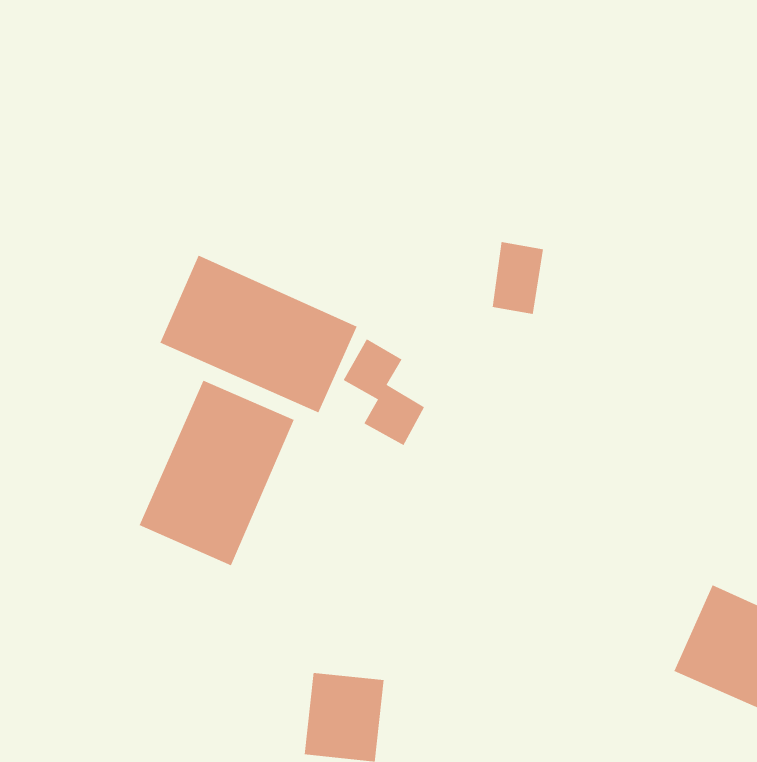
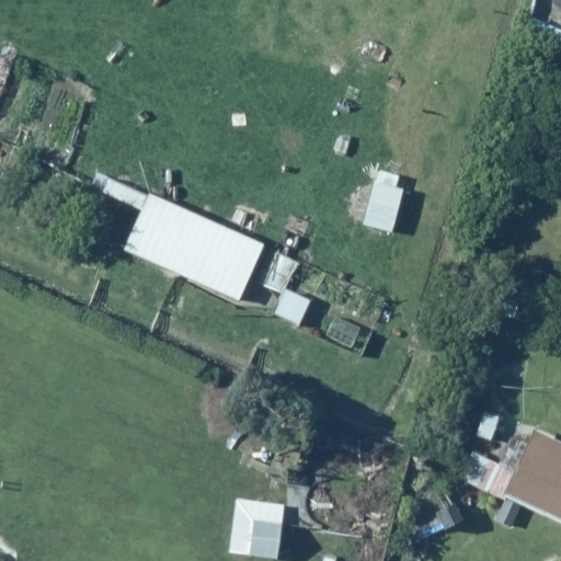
building: [139,380,295,566] -> none

